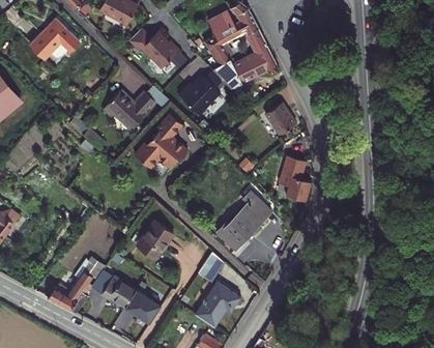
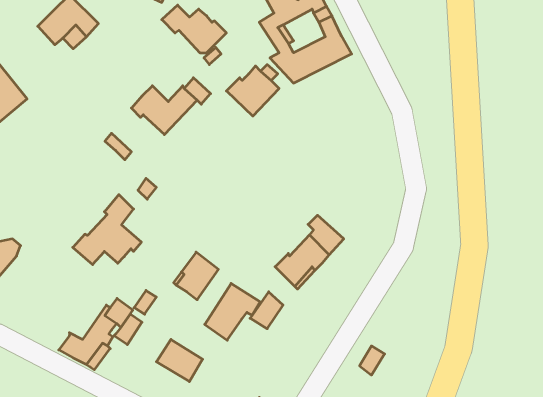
building: [264,102,295,134] -> none
building: [134,113,187,168] -> [73,195,141,265]
building: [279,155,311,200] -> none
building: [100,276,135,307] -> none
building: [195,282,238,326] -> [205,283,260,340]

